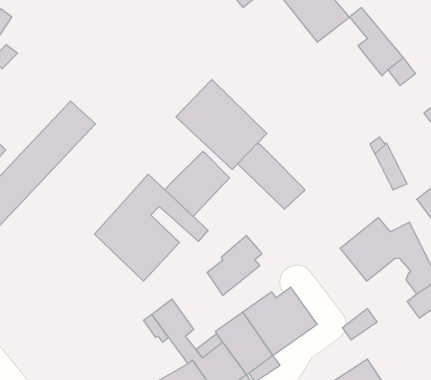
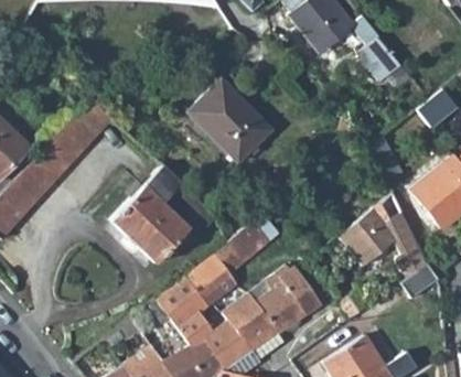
building: [238,143,305,209] -> none
building: [165,151,230,217] -> none
building: none -> [184,256,236,308]

